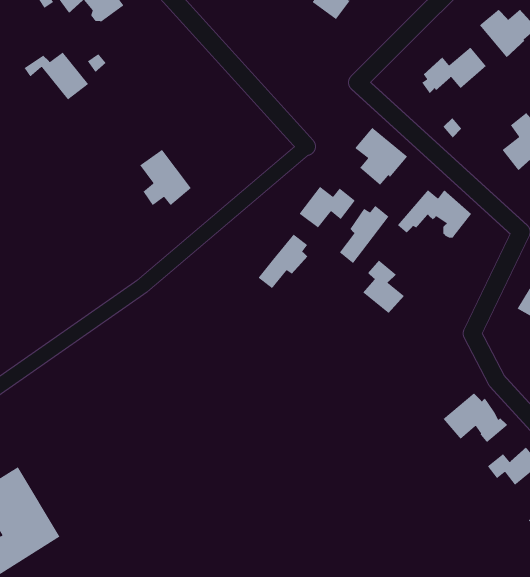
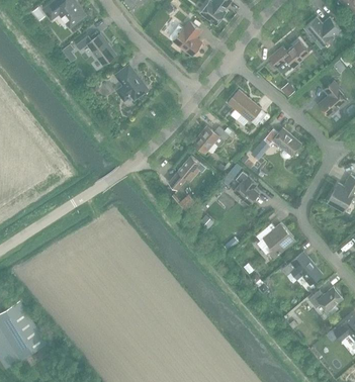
building: none -> [173,21,201,55]
building: [24,51,89,101] -> [76,33,116,64]
building: [139,149,192,206] -> [115,64,148,99]
building: [339,205,390,264] -> none
building: none -> [257,222,295,257]

